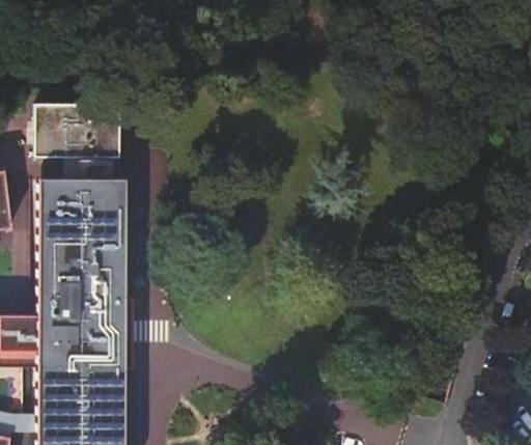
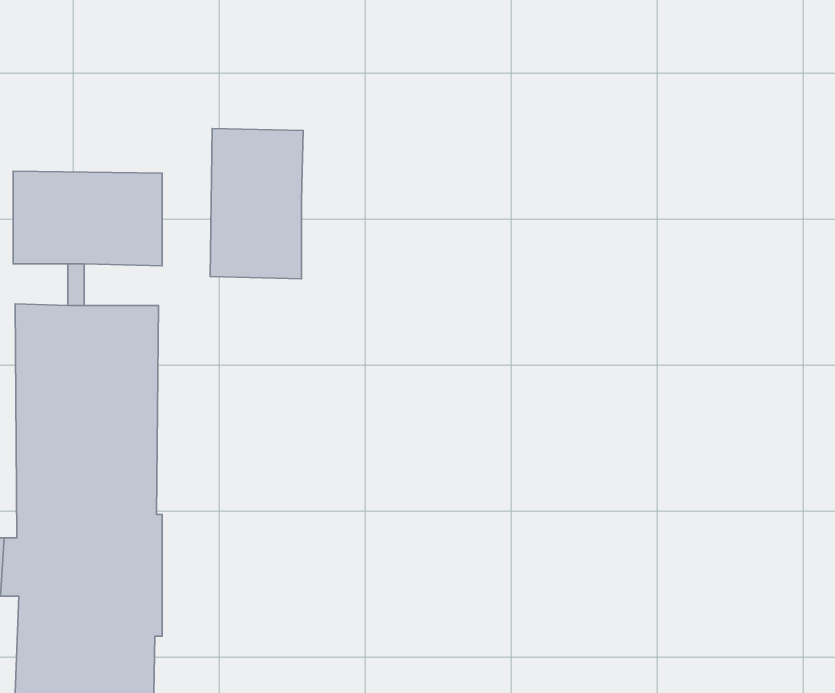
building: none -> [210,128,303,279]

